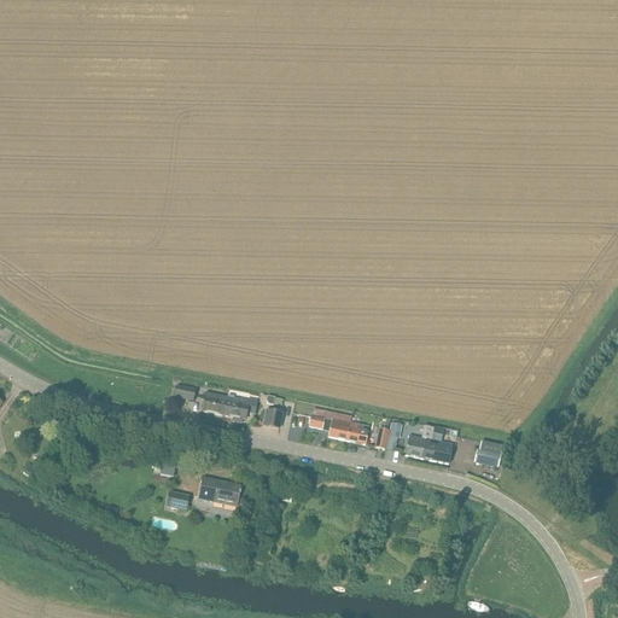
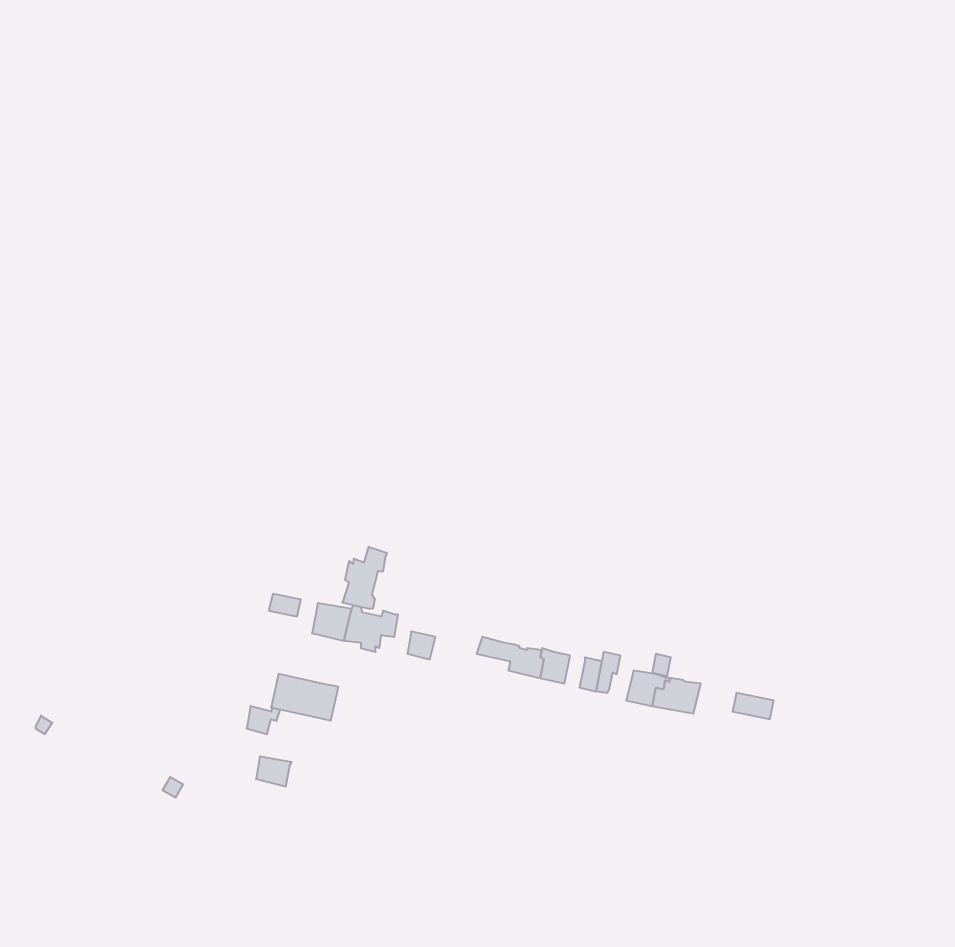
building: none -> [343,547,387,609]
building: [197,474,240,505] -> [271,674,338,721]

